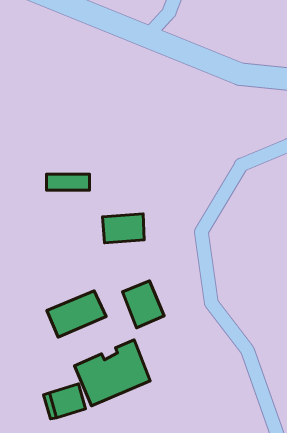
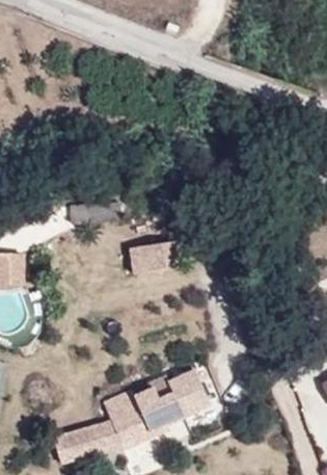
building: [122,281,164,328] -> [166,369,210,418]
building: [47,291,106,337] -> none

